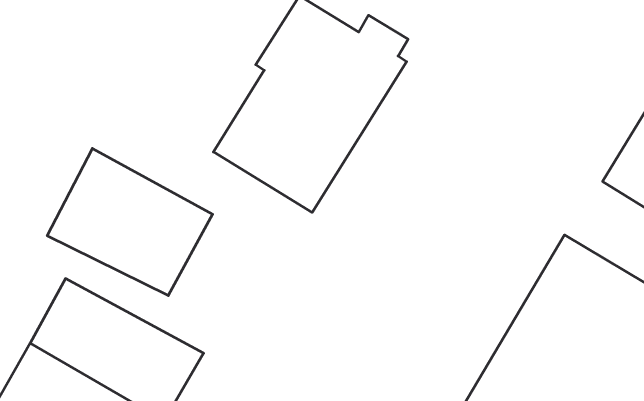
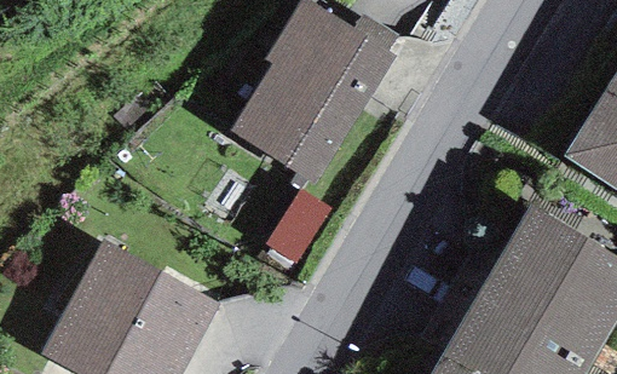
building: [47,148,213,296] -> none

